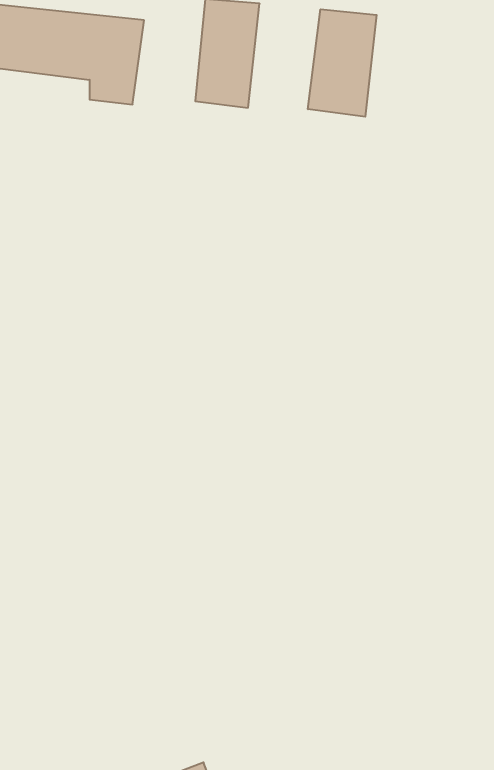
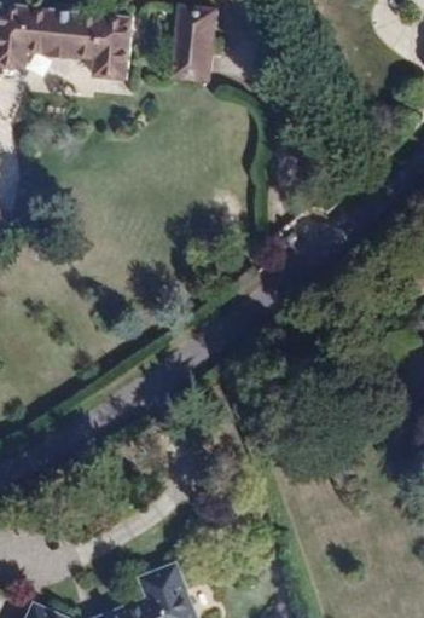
building: [308,9,377,117] -> none

